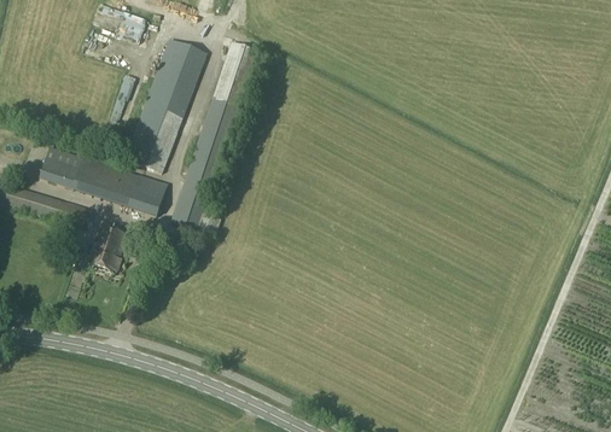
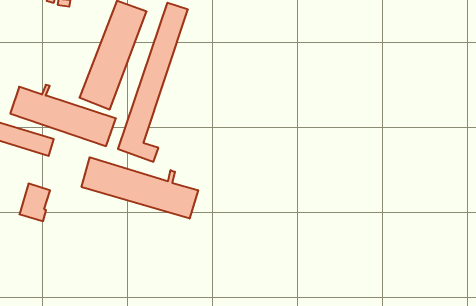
building: [89,224,127,270] -> [19,184,50,221]
building: none -> [82,157,198,219]

